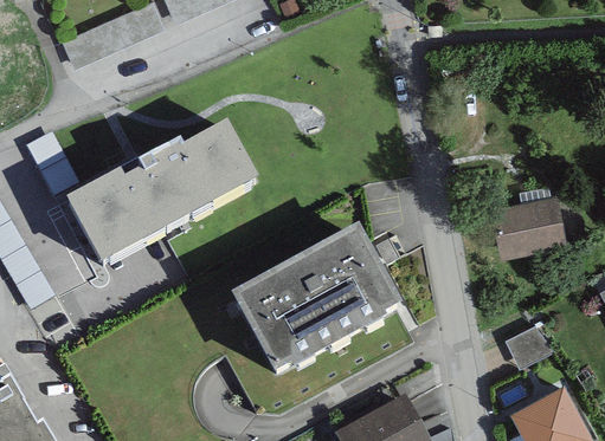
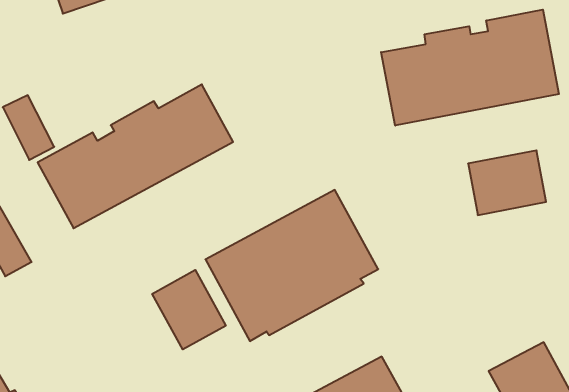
building: none -> [381,10,559,126]
building: none -> [152,270,226,349]
building: [503,323,552,364] -> none

